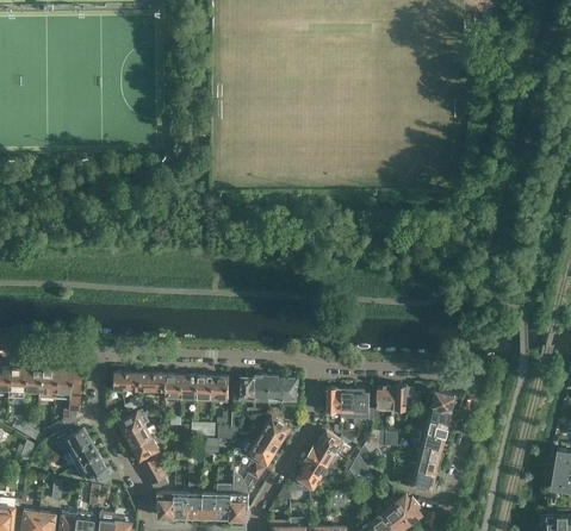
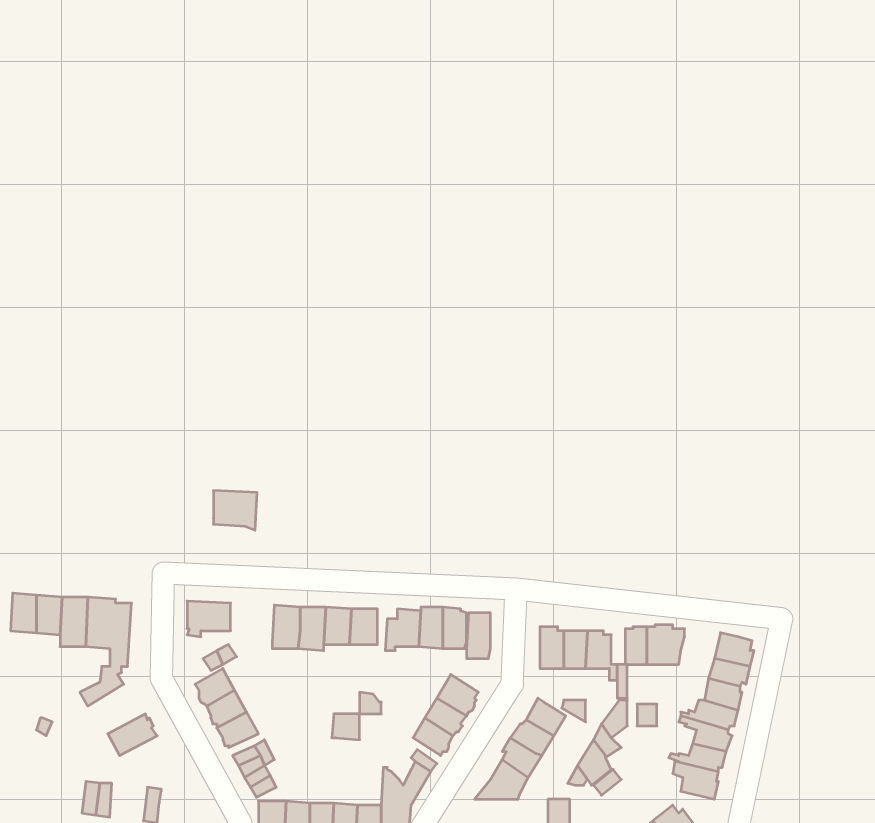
building: [141,373,167,396] -> [213,491,257,530]
building: [48,421,89,451] -> none
building: [74,452,108,482] -> none

